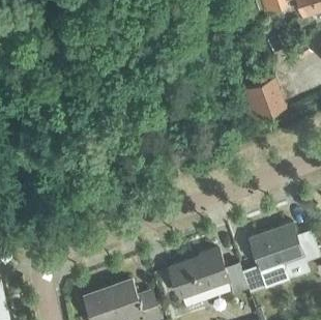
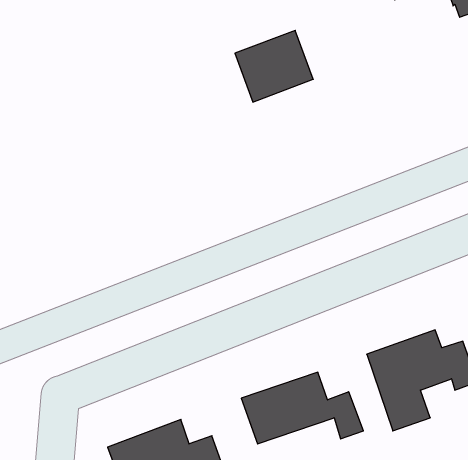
building: [236,77,286,122] -> [235,30,313,102]

